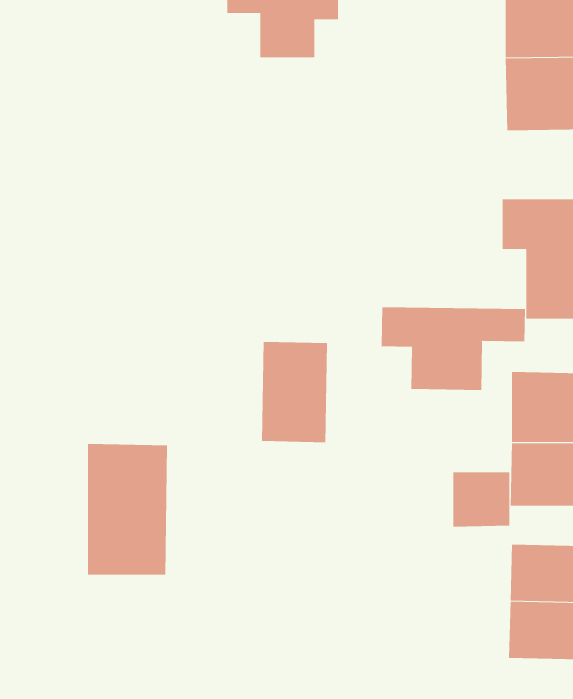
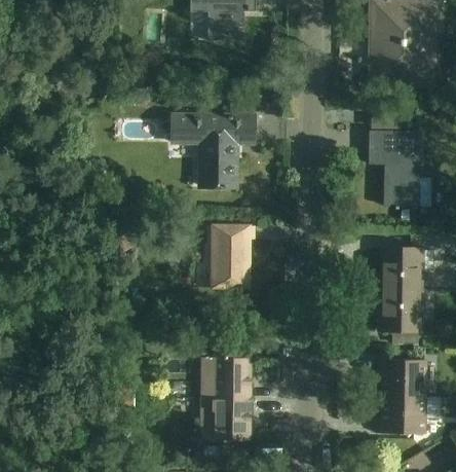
building: none -> [174,115,261,186]
building: [381,306,526,391] -> none
building: [87,444,168,575] -> [194,354,246,439]
building: [453,471,510,527] -> none

